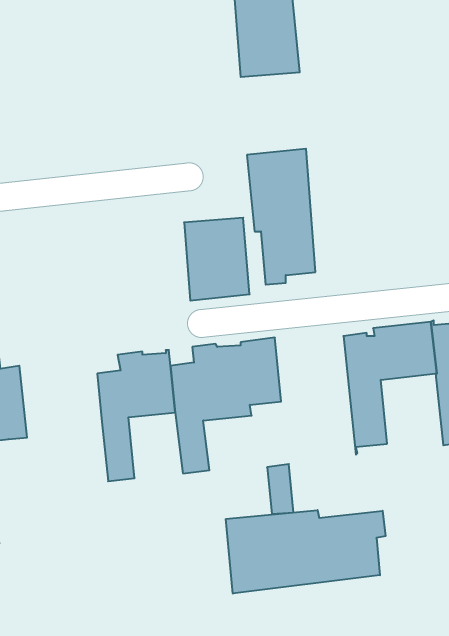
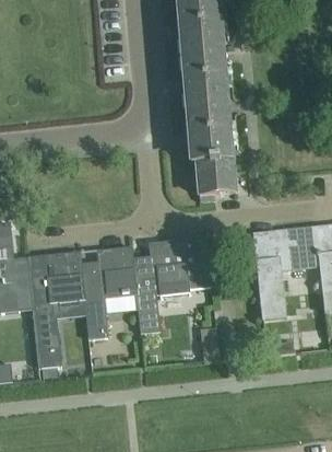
building: [184,218,250,301] -> [181,51,227,109]
building: none -> [26,252,84,376]
building: [226,510,386,594] -> none

